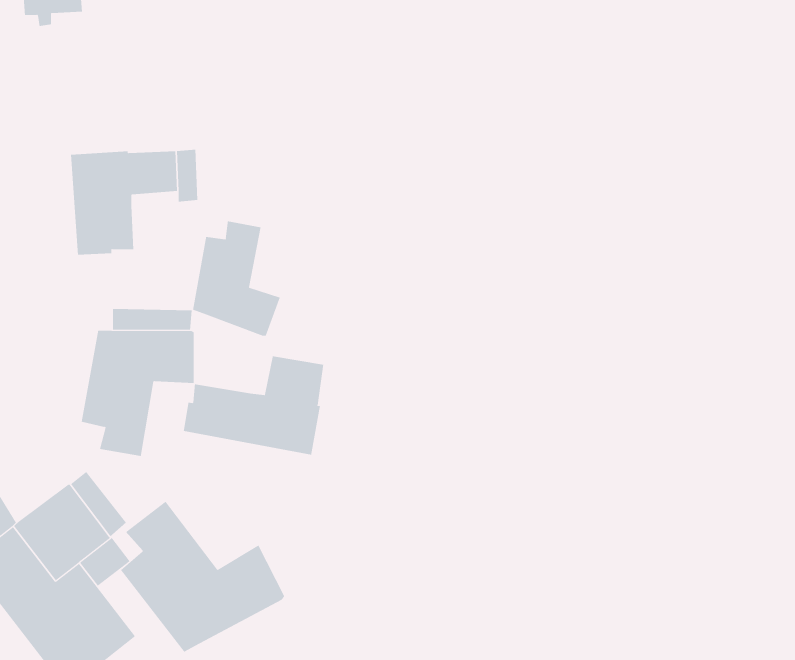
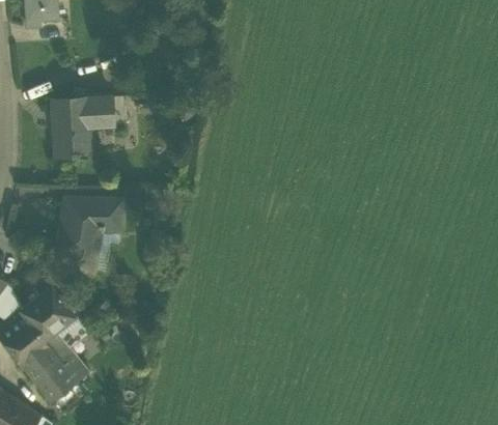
building: [193,221,280,336] -> none
building: [183,356,324,456] -> none
building: [120,501,285,653] -> none

